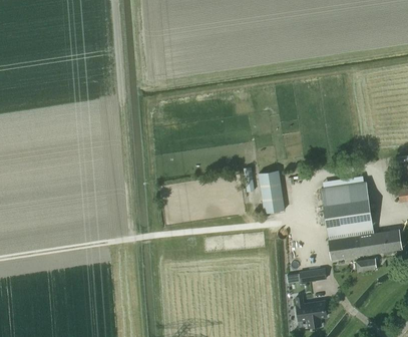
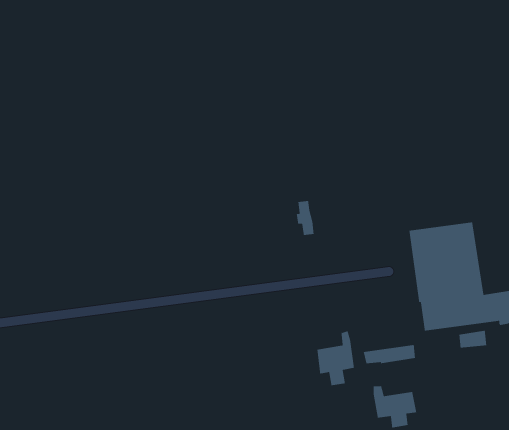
building: [258,170,285,213] -> none
building: none -> [317,330,355,386]

